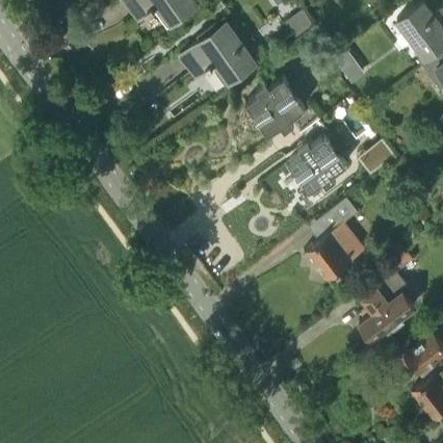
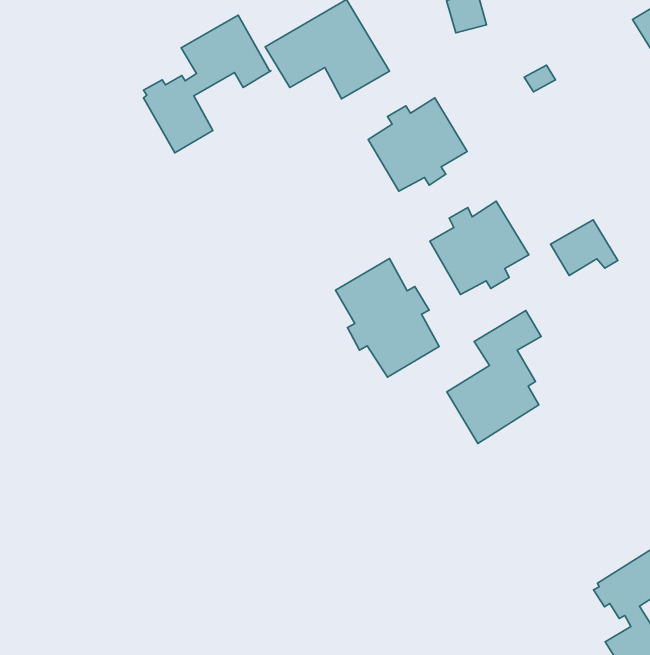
building: none -> [143,15,271,153]
building: none -> [335,259,439,377]
building: [360,252,414,339] -> none

